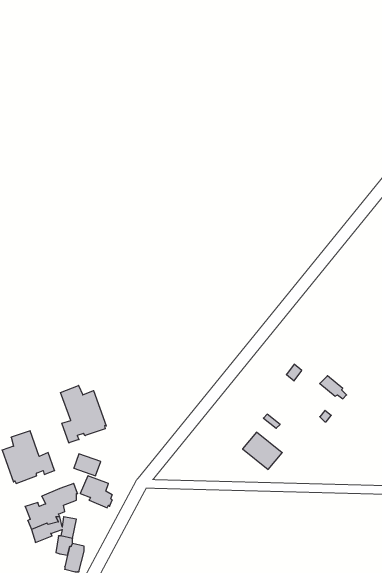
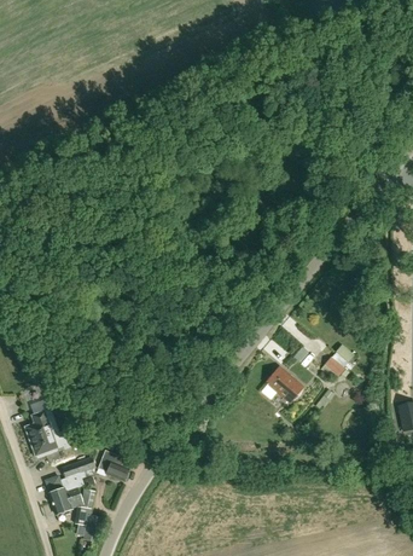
building: [60,385,106,443] -> none
building: [243,432,282,469] -> [266,369,303,404]

